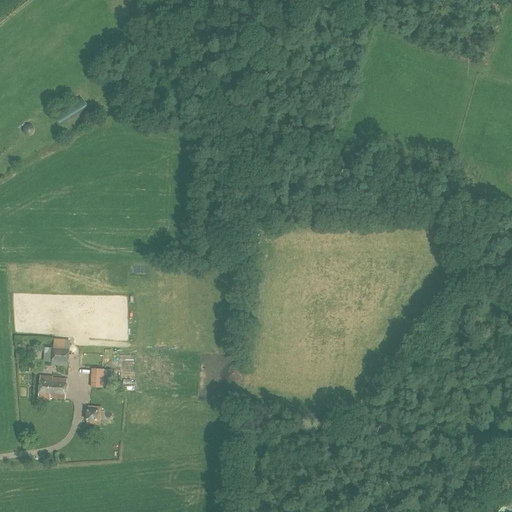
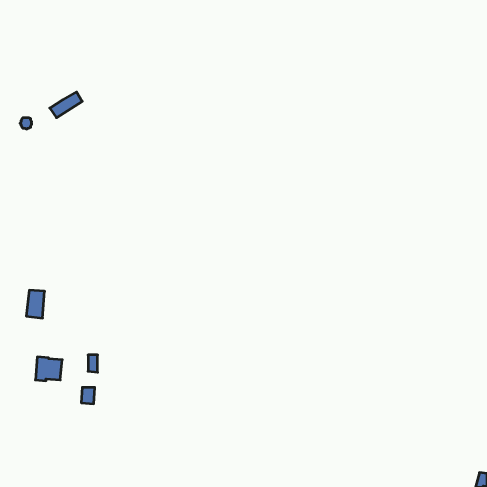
building: [49,336,68,365] -> [26,290,45,318]

